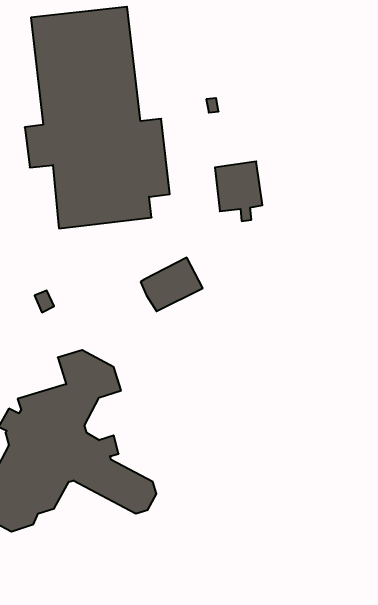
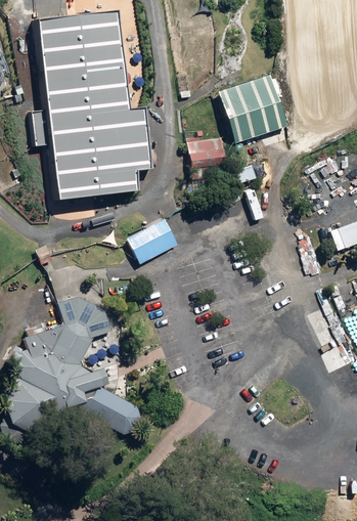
building: none -> [219,75,288,143]

